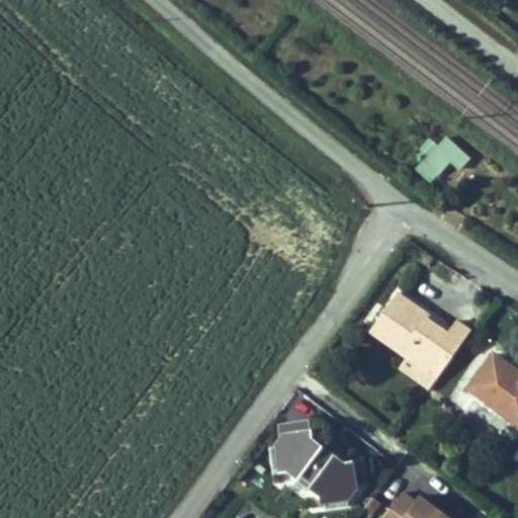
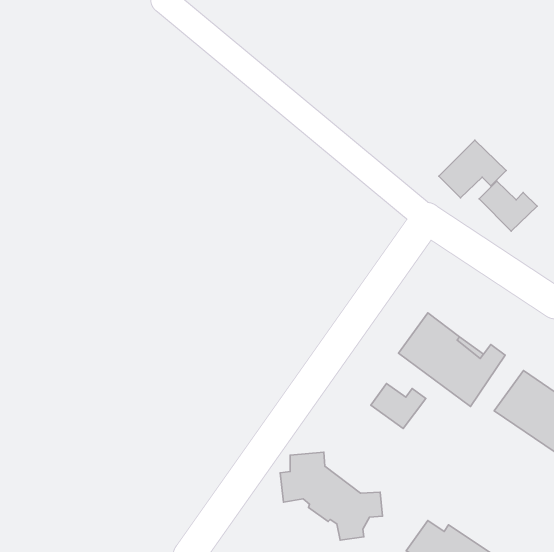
building: none -> [479,181,537,231]
building: none -> [371,384,426,429]

